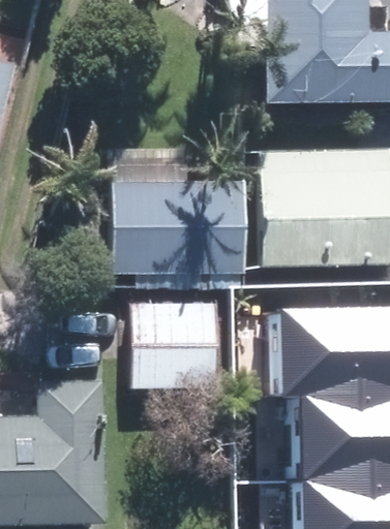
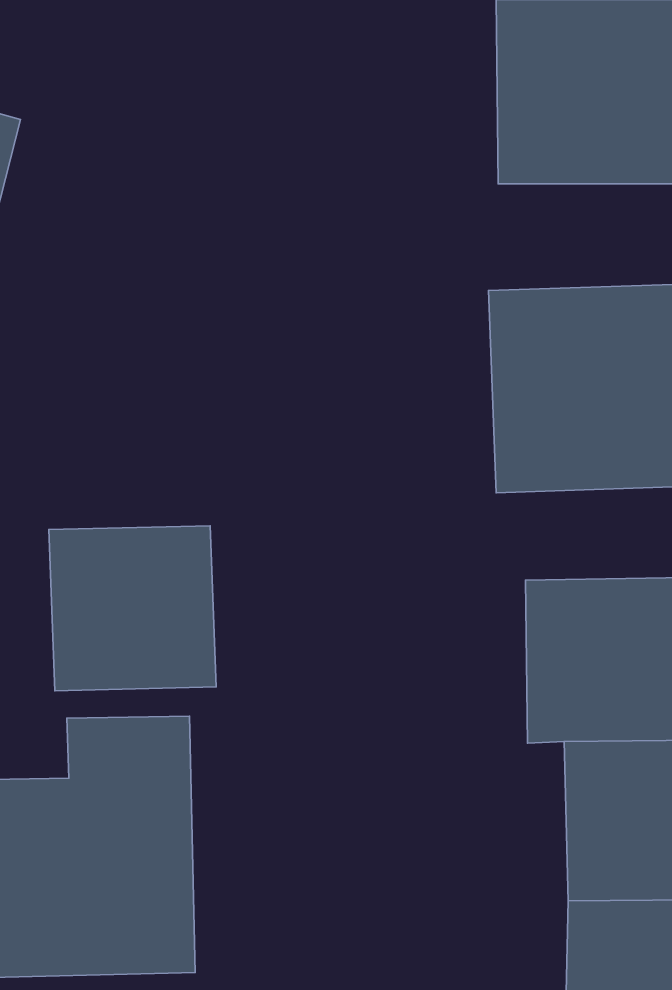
building: [113,182,243,273] -> none
building: [130,306,219,394] -> [49,526,216,691]

